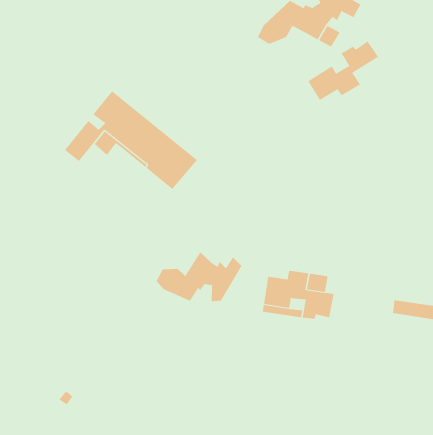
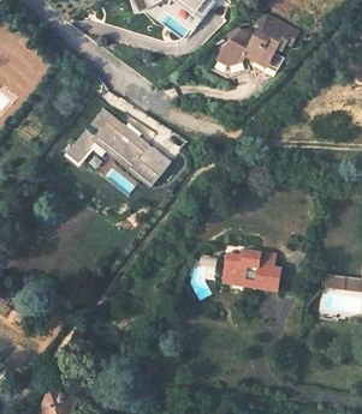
building: [307,40,379,101] -> none
building: [156,251,242,302] -> none

